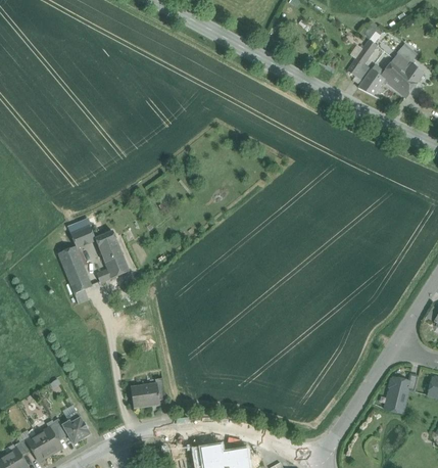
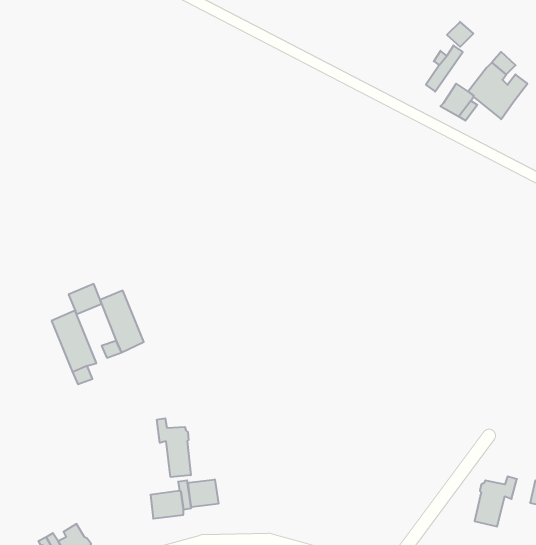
building: [345,45,394,85] -> none
building: none -> [157,418,191,477]
building: none -> [188,479,218,507]

